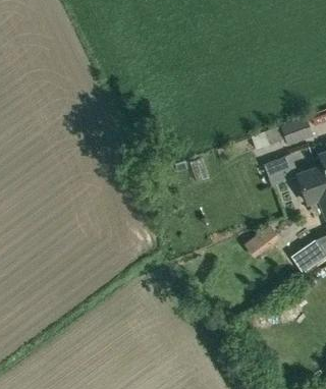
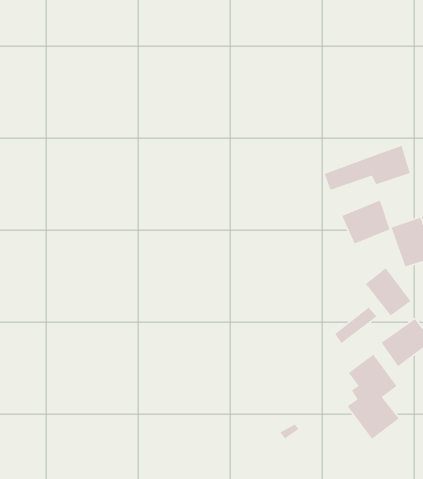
building: none -> [365,267,411,317]
building: none -> [346,353,400,440]

